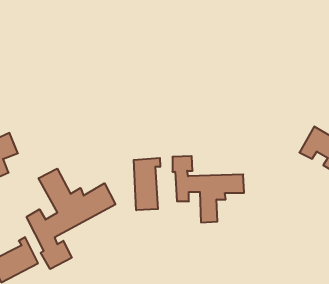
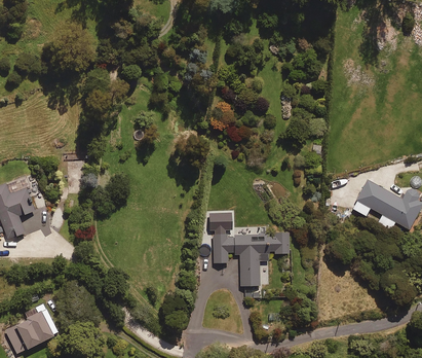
building: [134,158,160,210] -> none
building: [27,169,115,269] -> none

